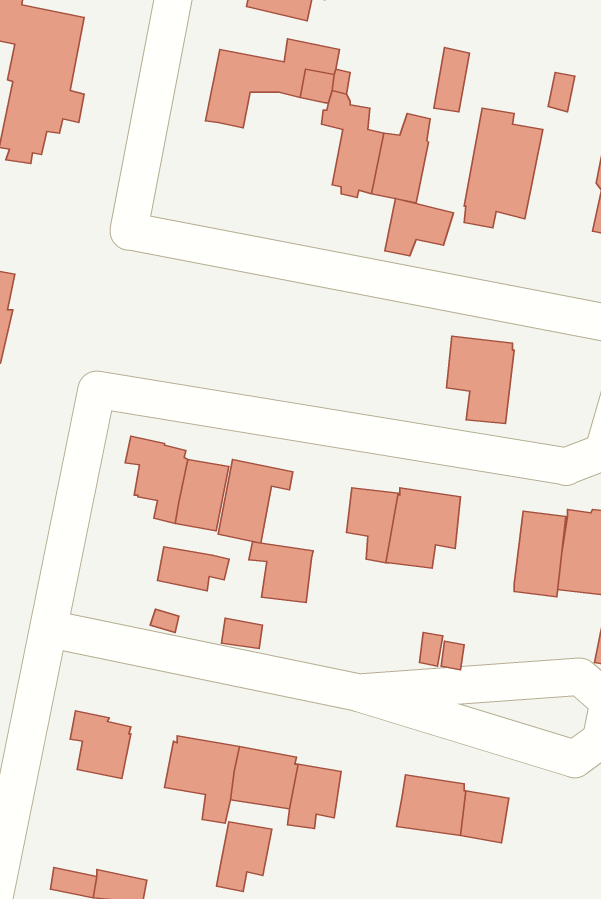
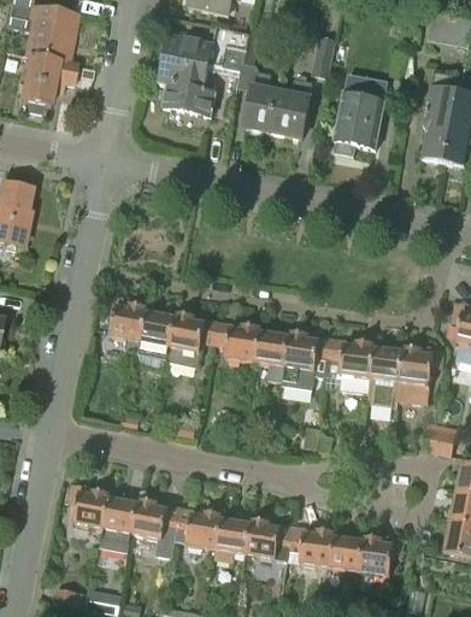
building: none -> [164,64,216,116]
building: [385,199,454,256] -> none
building: [447,336,514,423] -> [328,337,373,396]
building: [249,542,313,603] -> [216,321,259,362]
building: [157,547,229,591] -> none
building: none -> [246,519,294,560]
building: none -> [359,535,404,575]
building: [216,822,272,891] -> [100,498,137,545]

